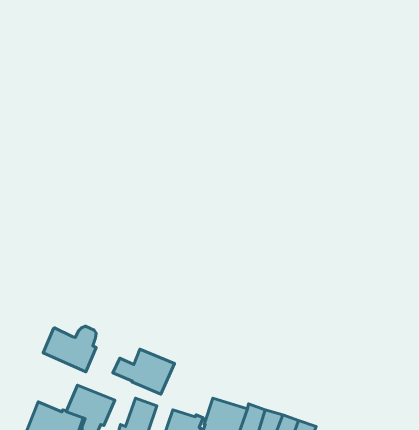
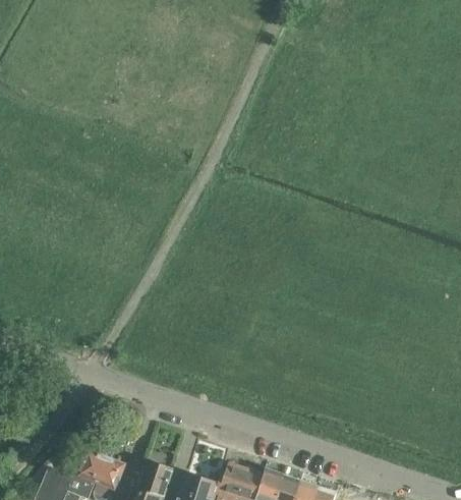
building: [43,326,96,372] -> none
building: [113,349,174,394] -> none

